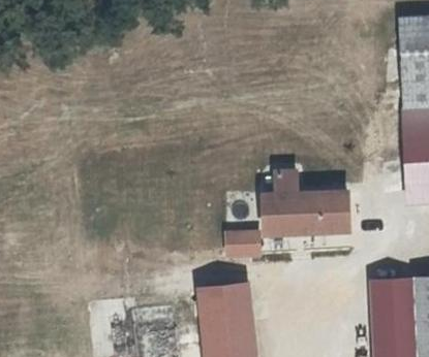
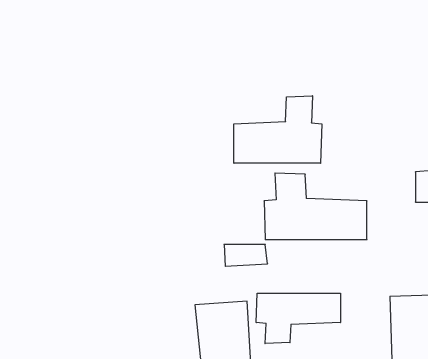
building: none -> [234,96,322,163]
building: none -> [256,293,340,344]

